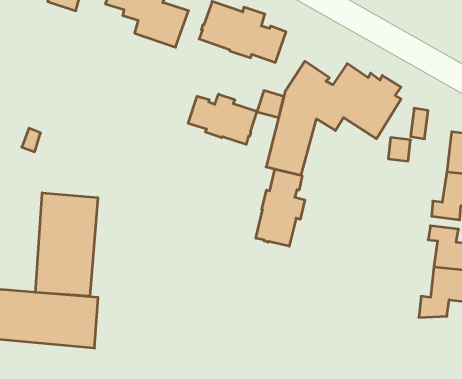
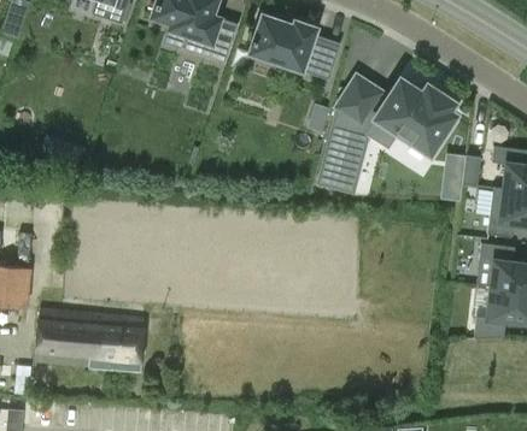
building: [188,94,257,144] -> none
building: [256,169,305,246] -> none
building: [35,193,98,296] -> none

